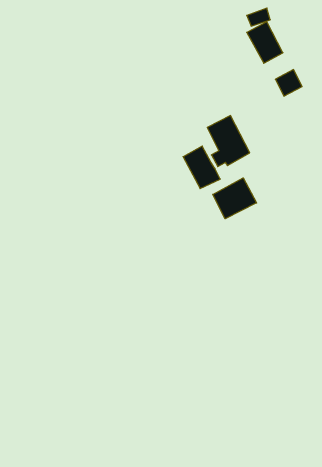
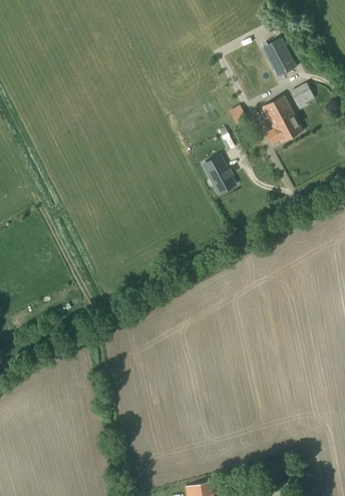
building: [207,116,250,167] -> [263,95,303,144]
building: [213,178,257,219] -> none

